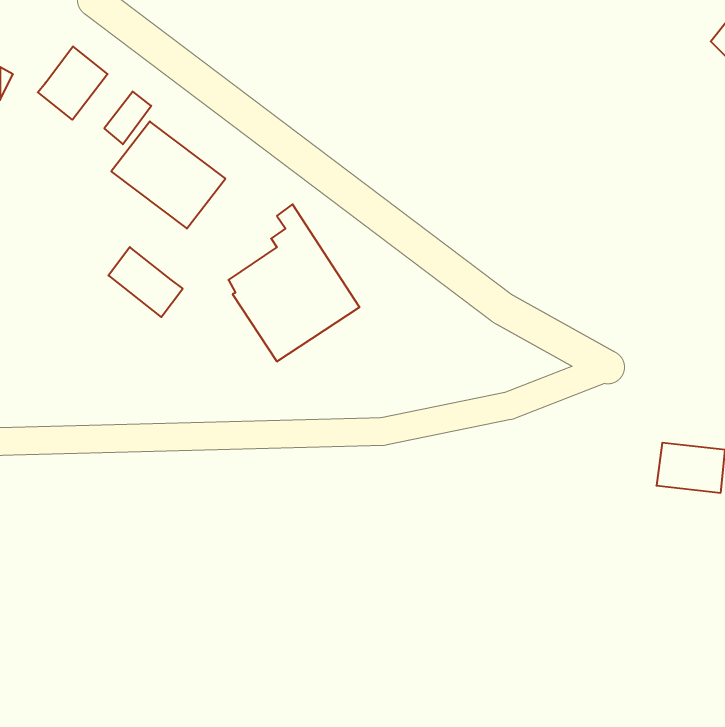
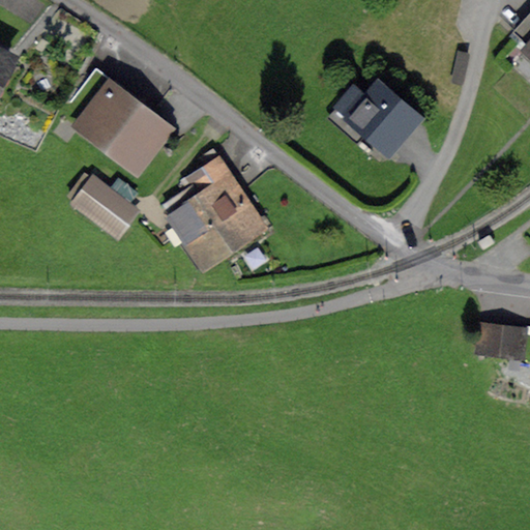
building: [38,46,108,120] -> none
building: none -> [343,88,417,148]

